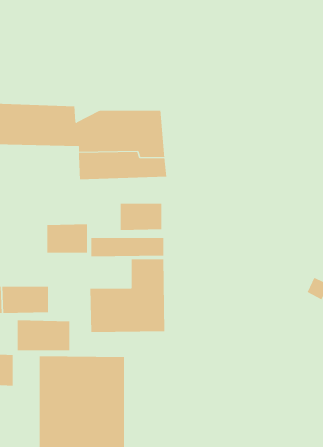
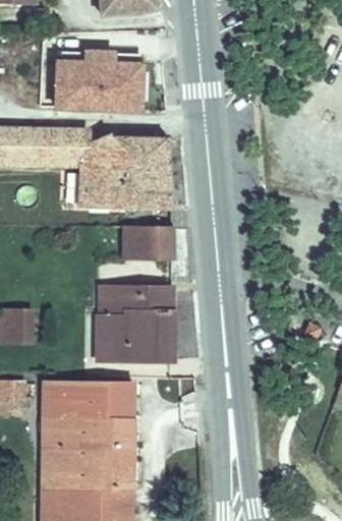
building: none -> [53,55,134,102]
building: [47,224,88,253] -> [92,285,133,314]
building: [17,320,70,351] -> none

